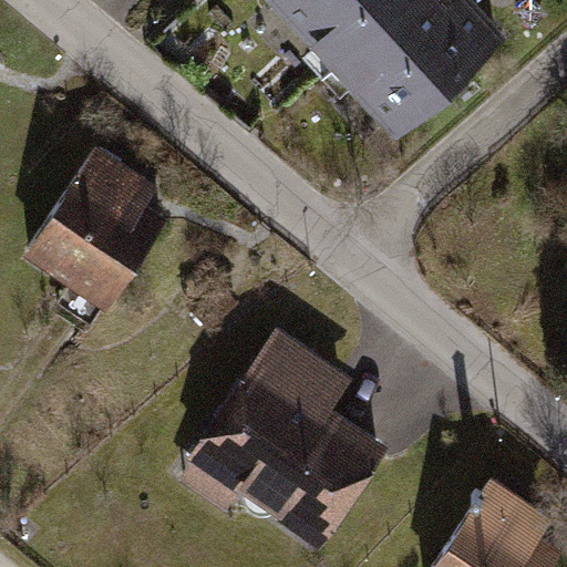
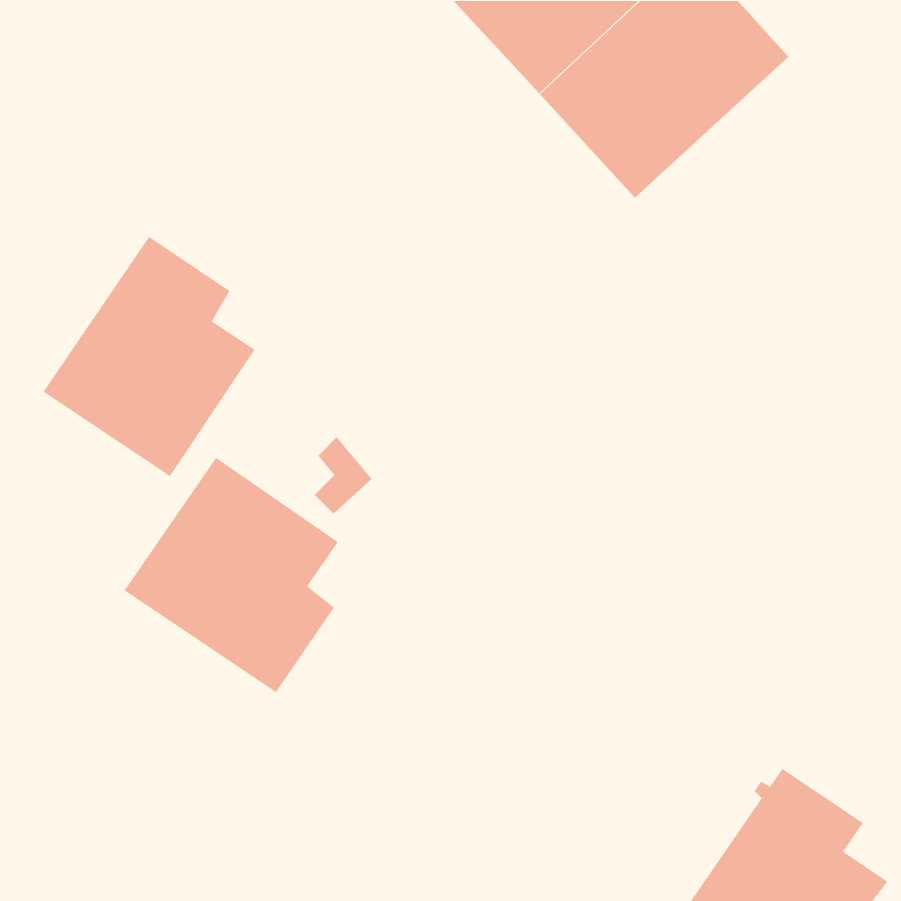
building: none -> [124,457,339,693]
building: [205,334,377,534] -> none

